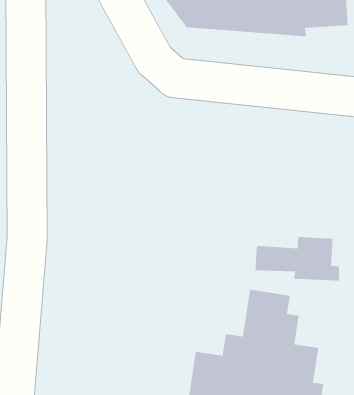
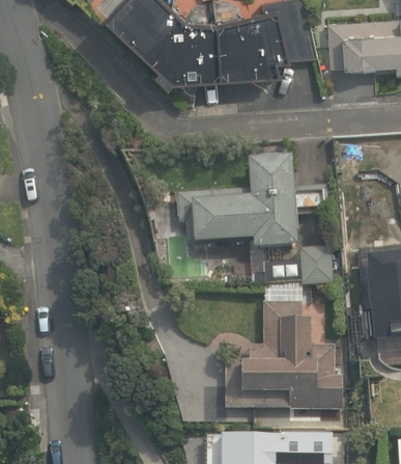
building: none -> [176,158,327,250]

